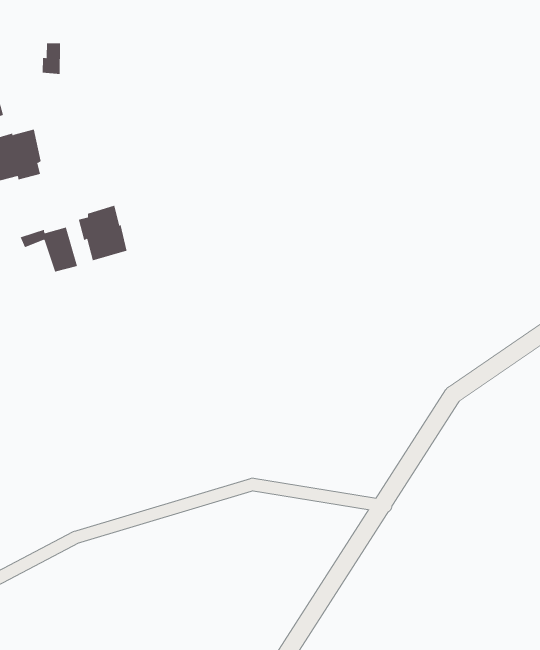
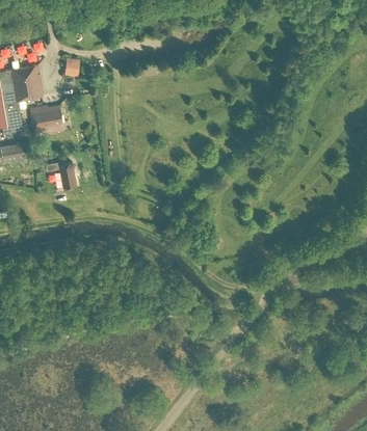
building: [78,205,127,261] -> none

